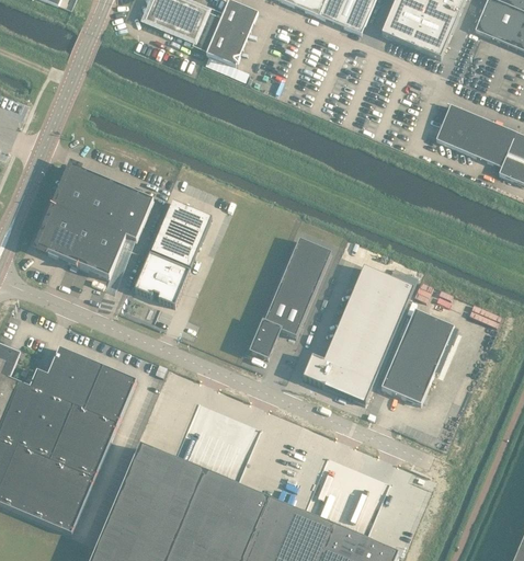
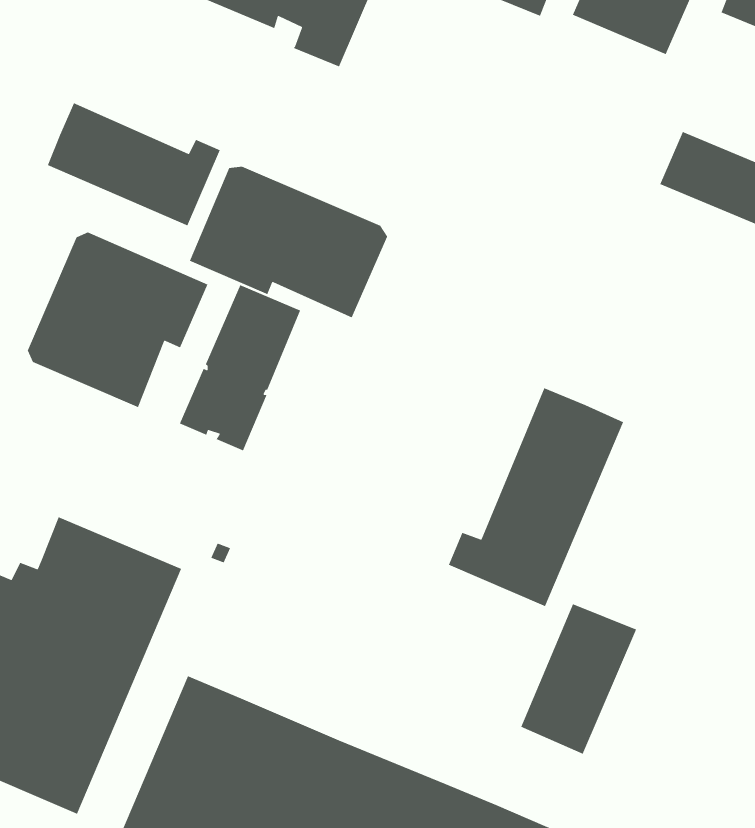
building: none -> [47,102,221,227]
building: none -> [189,166,388,319]
building: [251,237,331,357] -> none
building: [380,308,454,403] -> [520,603,637,755]

